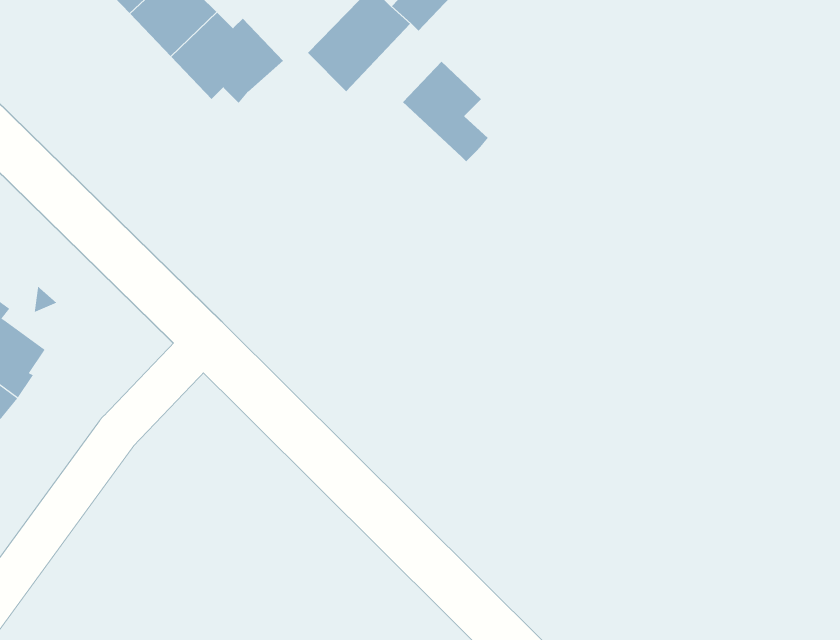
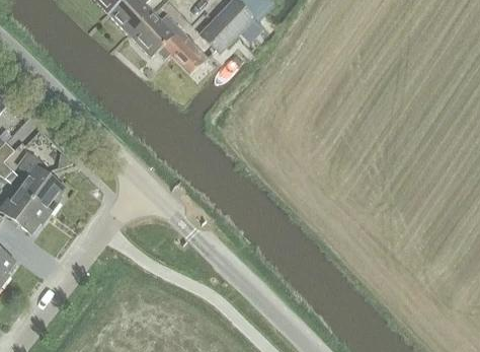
building: none -> [169,36,208,73]
building: [402,61,489,162] -> none

